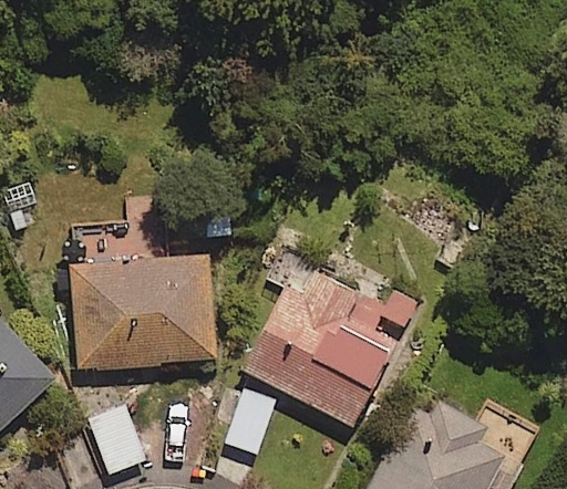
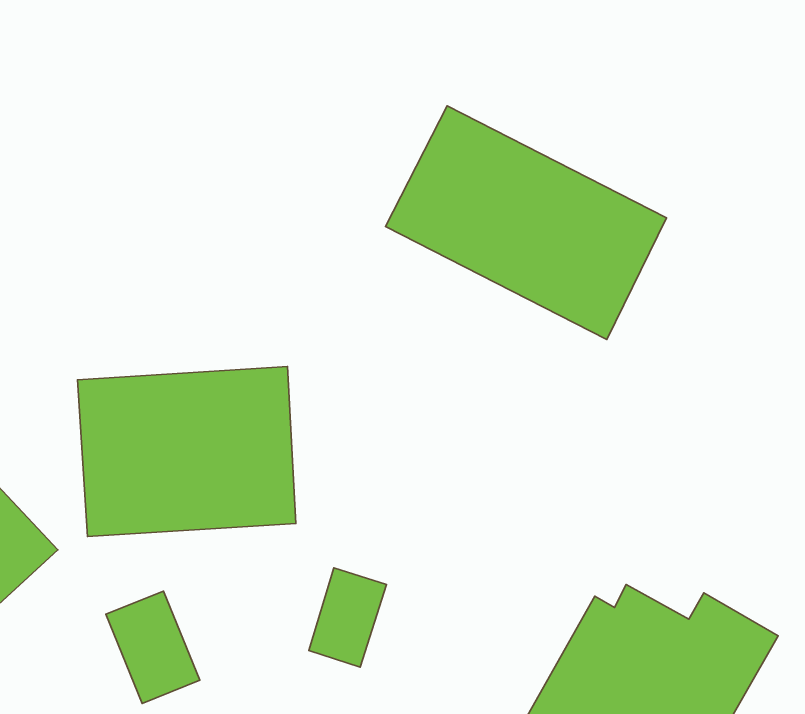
building: none -> [385,106,667,339]
building: [241,253,414,427] -> none

